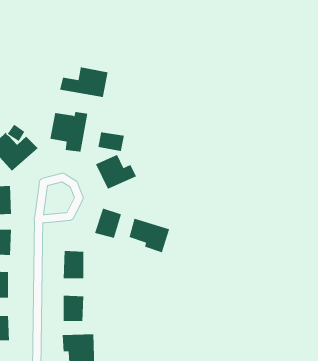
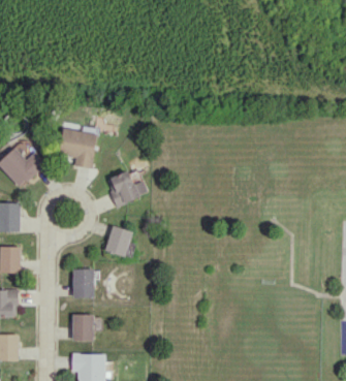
building: [60,66,108,98] -> none
building: [98,132,124,152] -> none
building: [129,218,170,253] -> none

